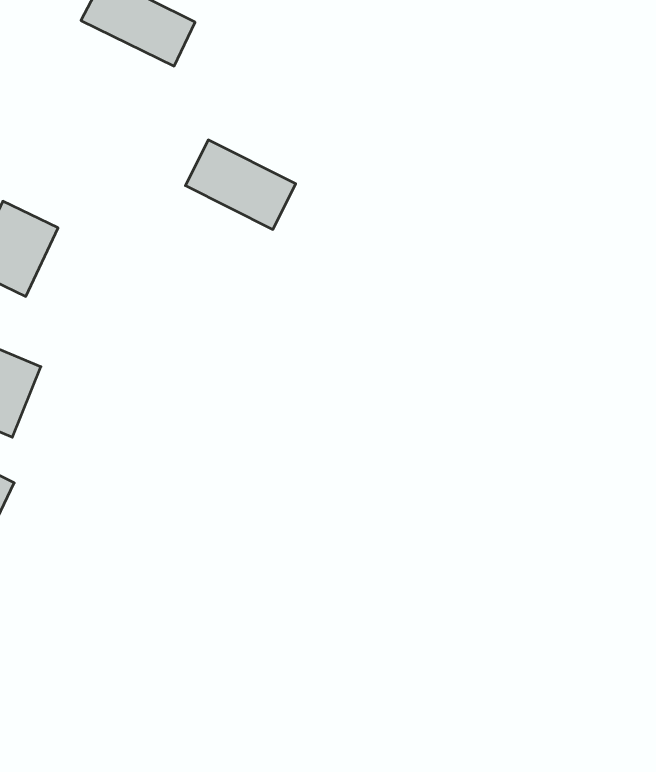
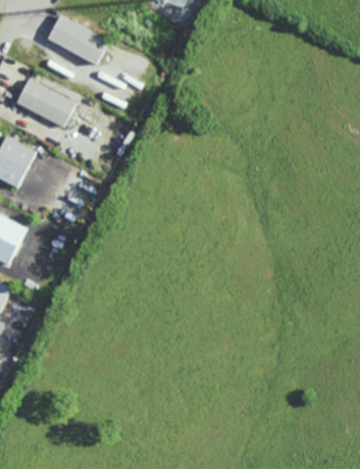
building: [185,140,296,229] -> [15,79,74,126]

